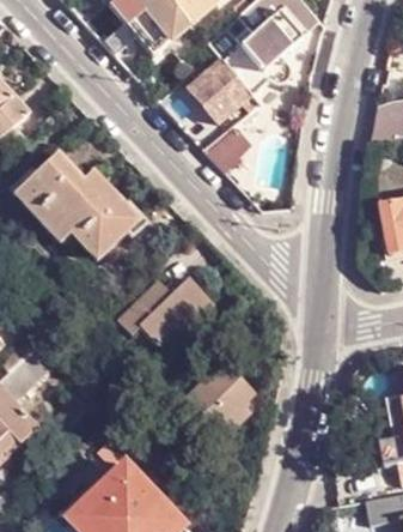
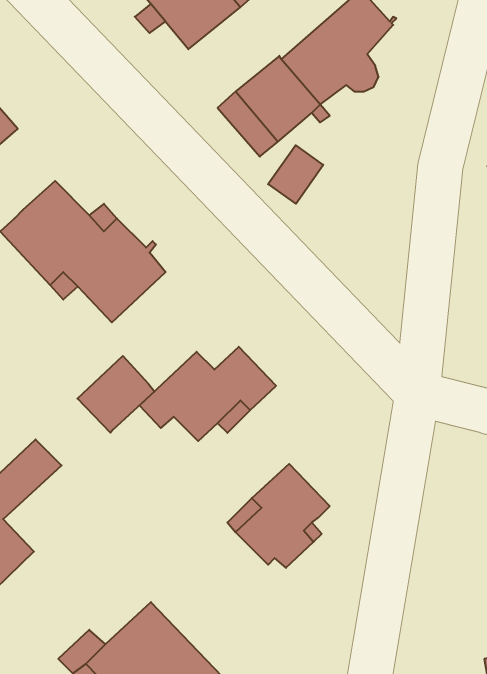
building: none -> [77,356,154,433]

